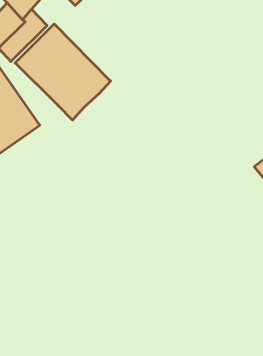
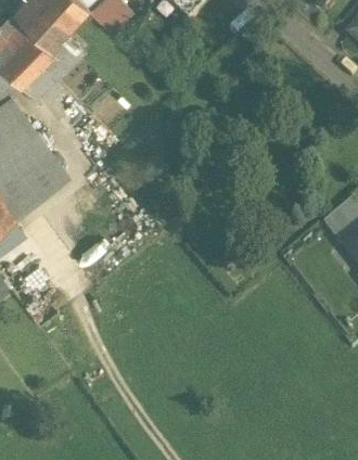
building: [15,24,111,120] -> none

